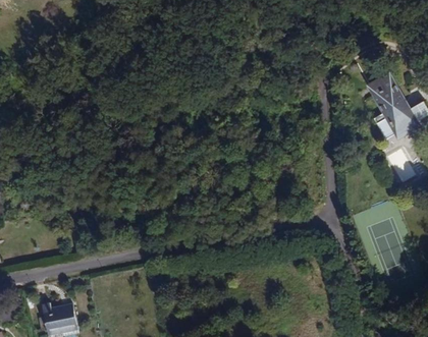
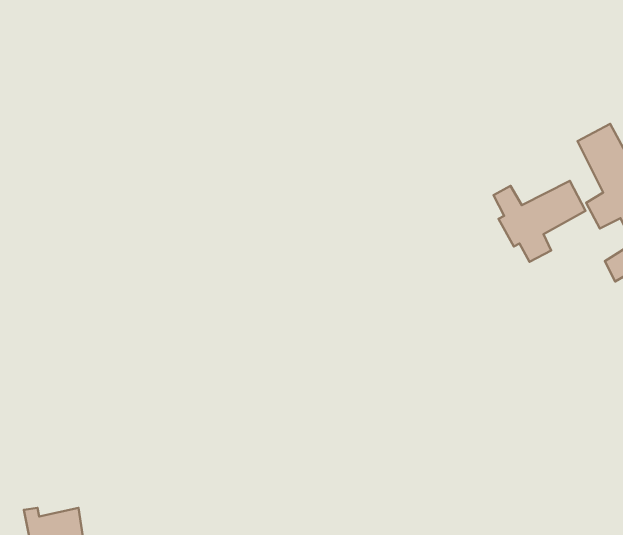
building: none -> [494,181,586,262]

